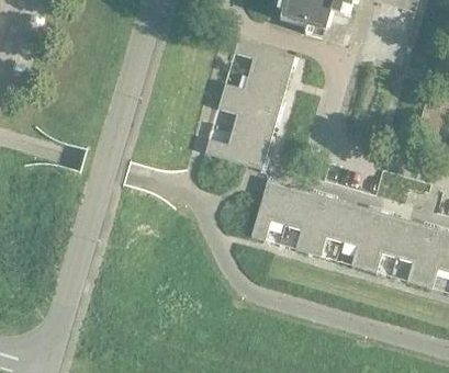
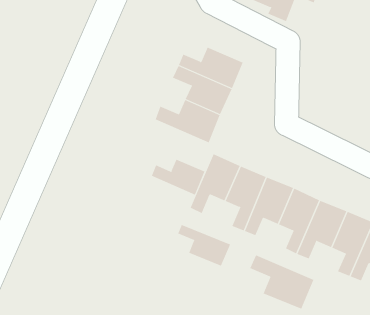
building: [232,37,293,83] -> none
building: none -> [151,159,205,196]
building: none -> [177,224,231,267]
building: none -> [249,255,314,309]

